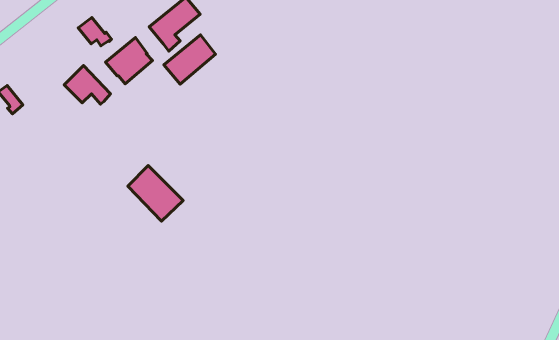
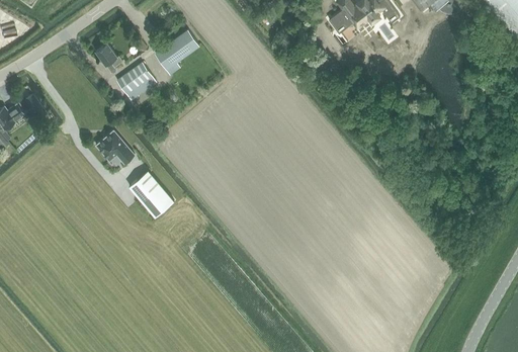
building: [164,35,216,84] -> none
building: [64,65,111,104] -> [96,129,135,163]

